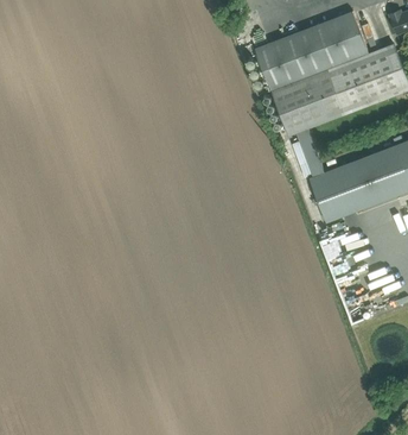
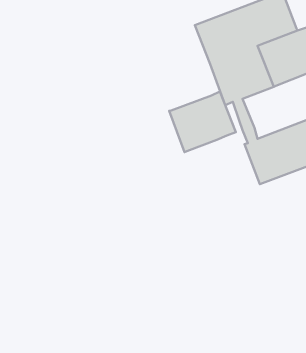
building: none -> [169,92,236,152]

